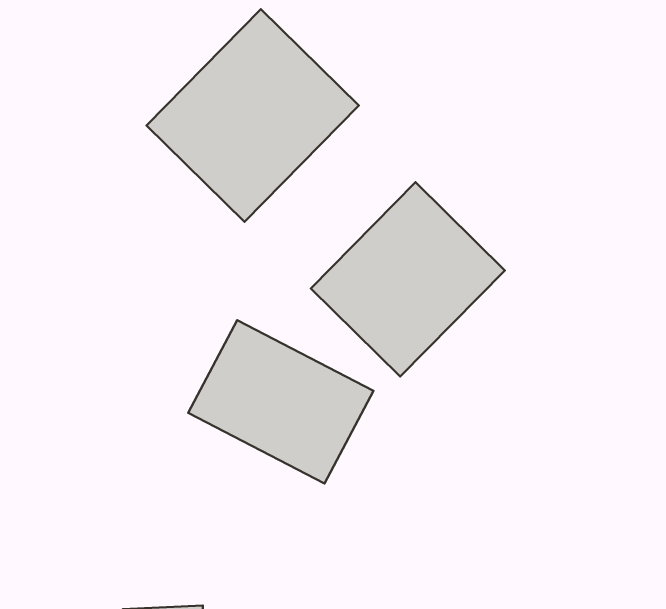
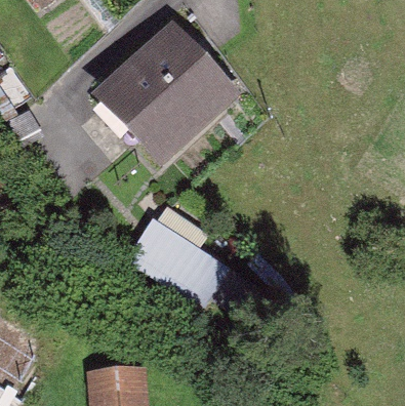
building: [311,182,505,376] -> none

